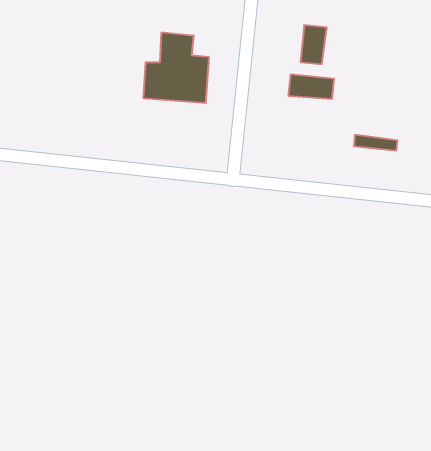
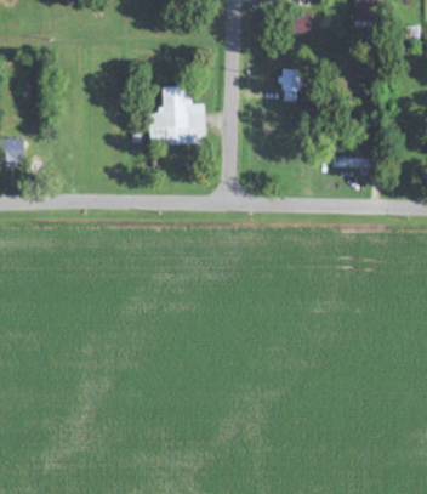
building: [289,74,334,99] -> none

